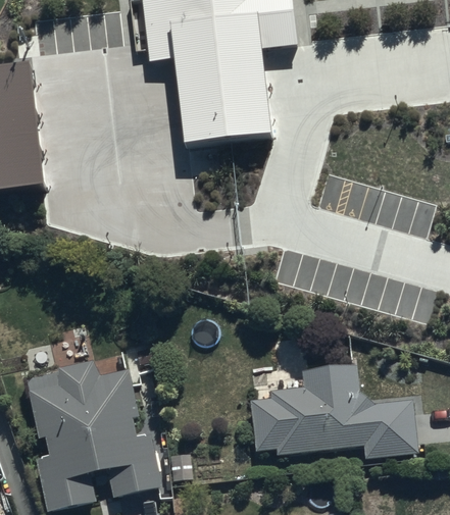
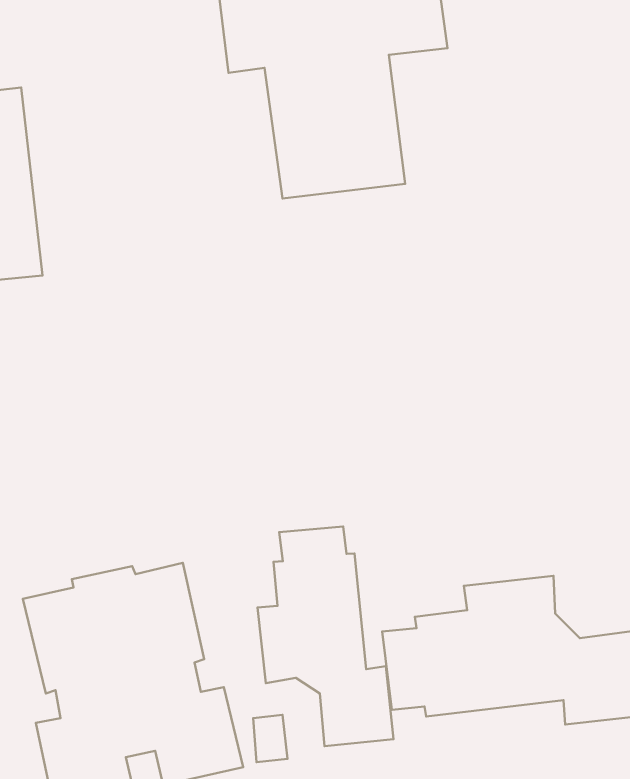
building: none -> [258,526,394,746]

